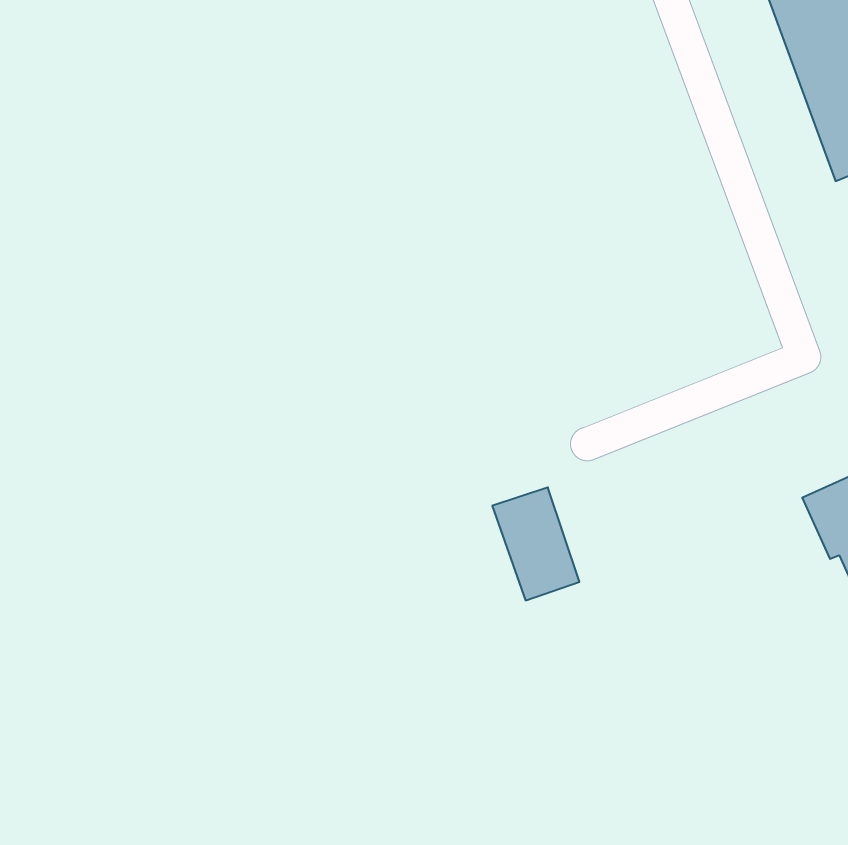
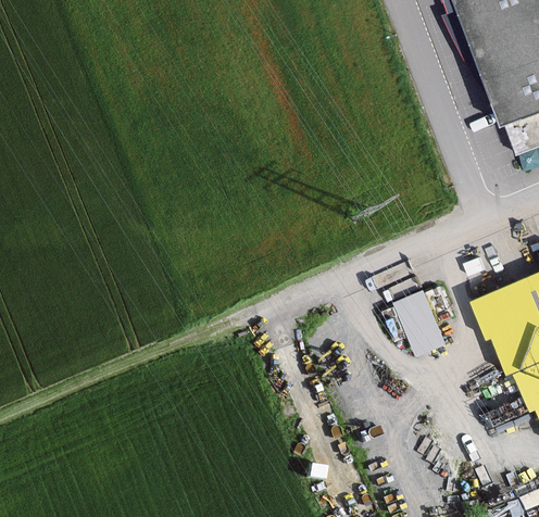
building: [492,487,579,600] -> [394,289,446,355]

